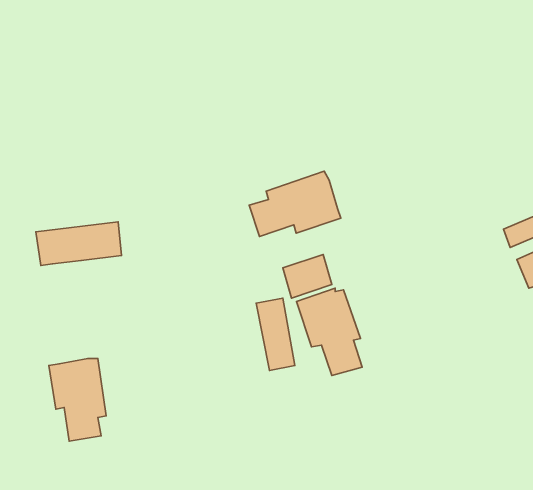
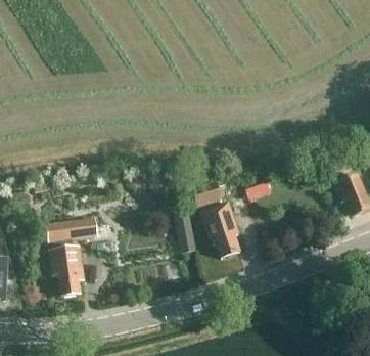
building: [249,171,341,236] -> none
building: [36,222,122,265] -> [45,217,97,243]

